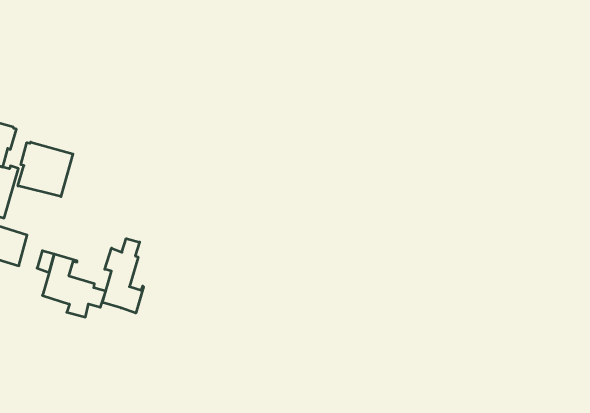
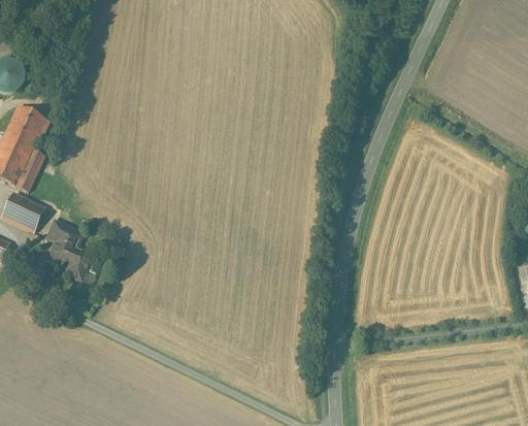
building: [18,142,73,197] -> none
building: [103,239,144,313] -> none

